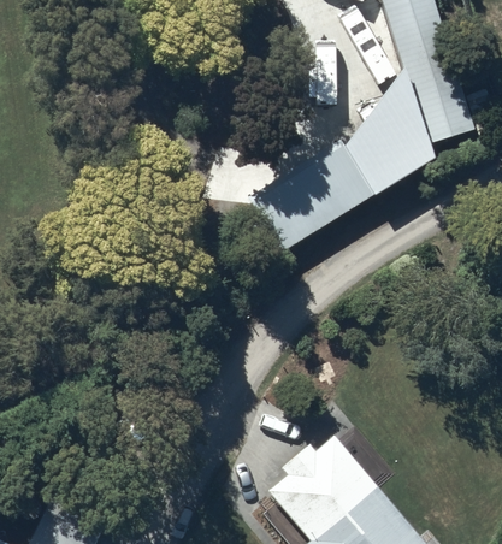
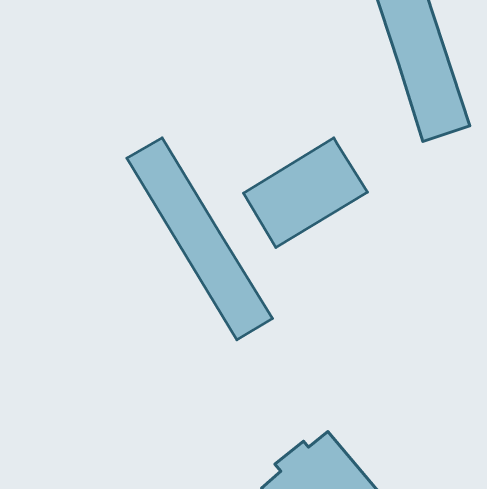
building: [343,67,435,195] -> none
building: none -> [127,138,273,340]

